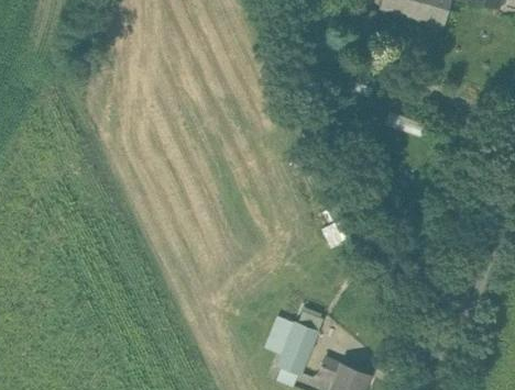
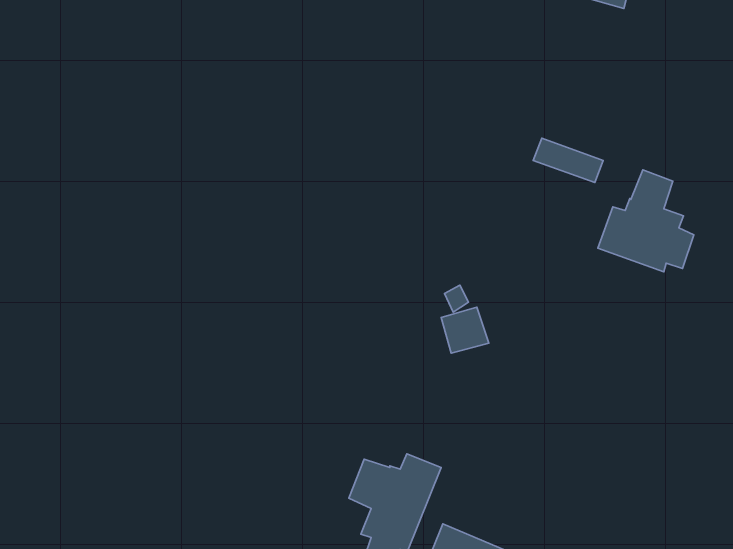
building: none -> [598,170,694,272]

